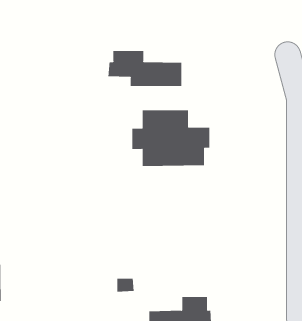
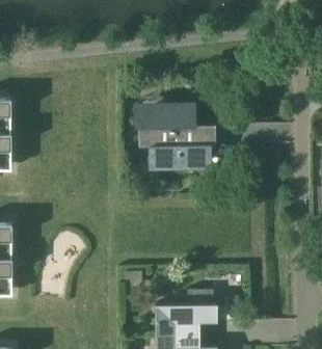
building: [108,50,182,87] -> none

